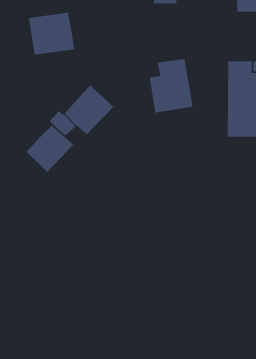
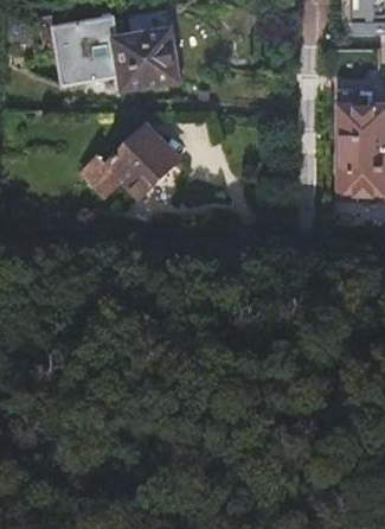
building: [149,58,193,114] -> [115,9,179,89]
building: [26,125,74,173] -> none

